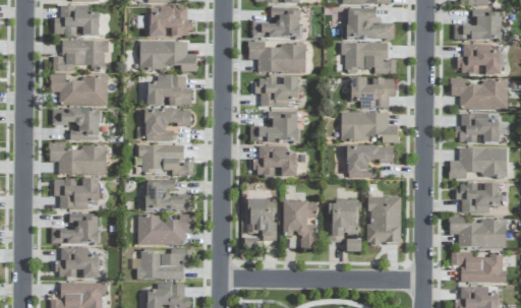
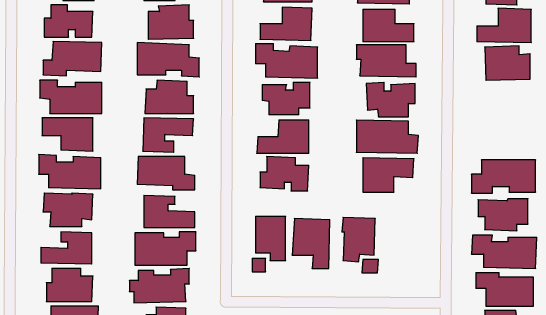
building: [450,77,509,109] -> none
building: [456,113,499,143] -> none
building: [367,196,402,243] -> none

